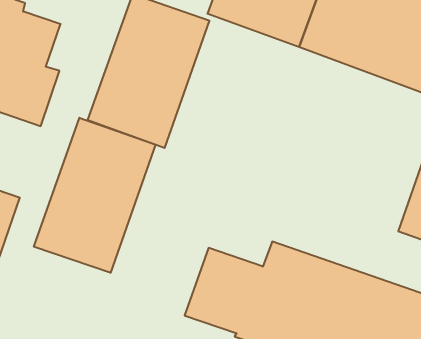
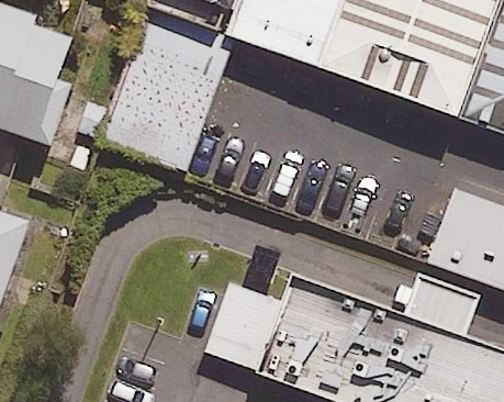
building: [34,118,155,273] -> none

